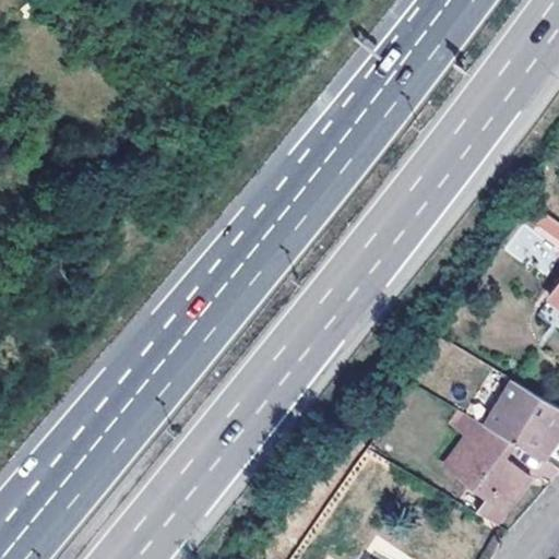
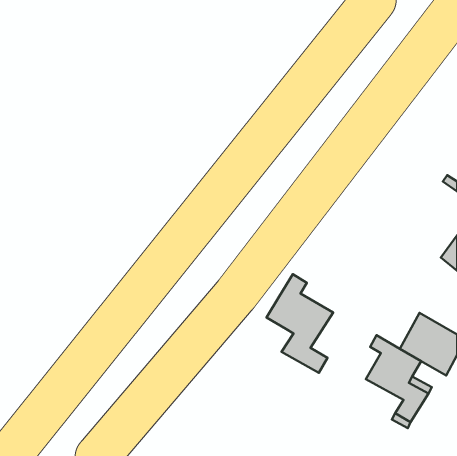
building: none -> [267,274,333,373]

